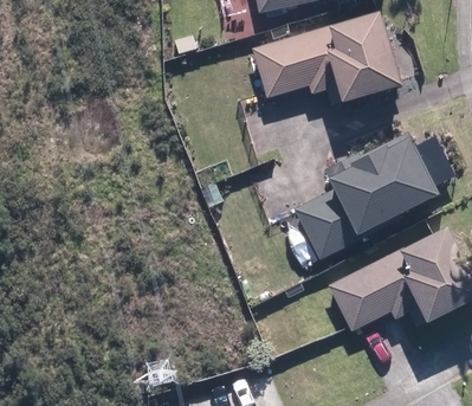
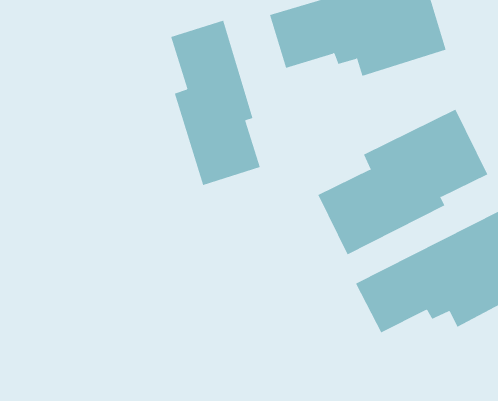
building: none -> [170,20,261,186]

